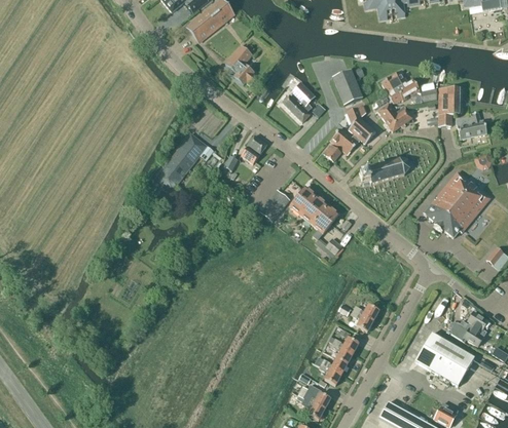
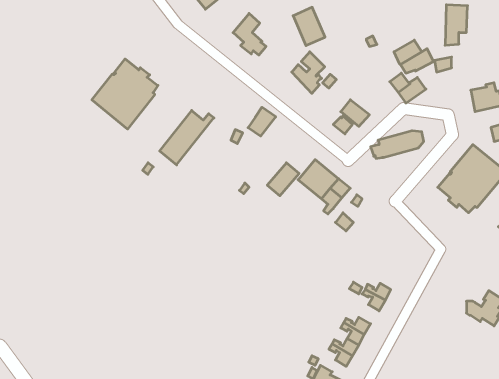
building: [332,69,363,106] -> [293,7,325,46]
building: [438,87,460,126] -> [445,5,468,45]
building: none -> [92,59,158,129]
building: [347,106,375,145] -> none
building: [415,333,474,386] -> none

